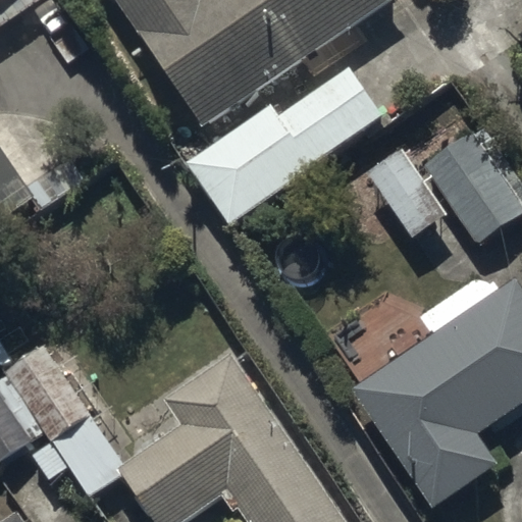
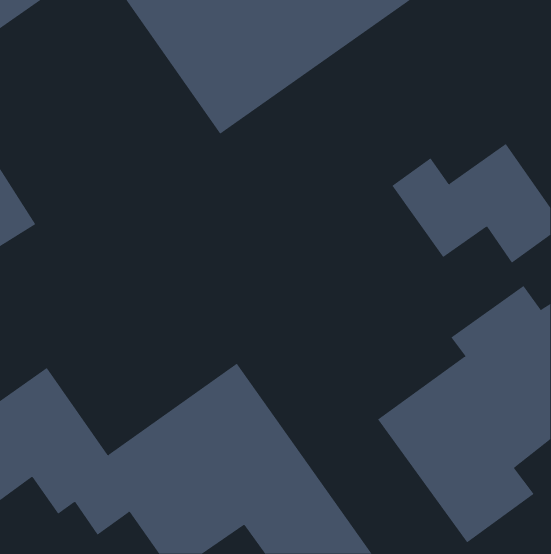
building: [188,70,381,228] -> none

